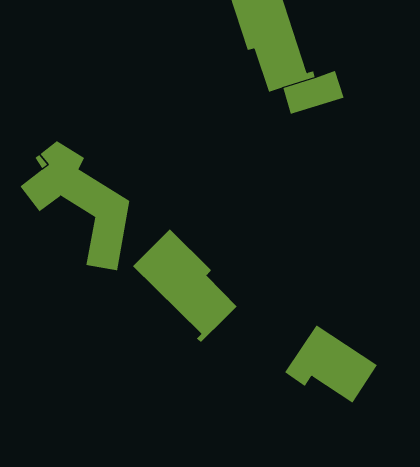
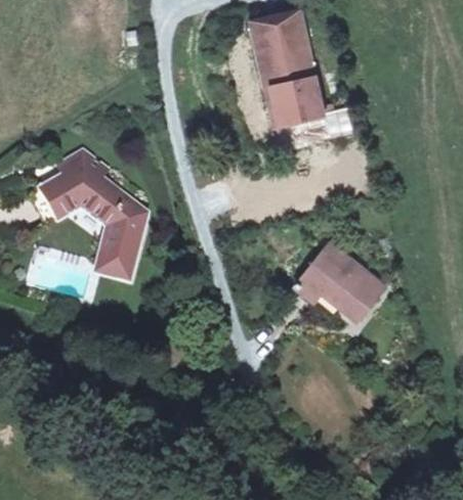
building: [132,229,238,343] -> none
building: [284,325,378,403] -> [295,242,383,319]

